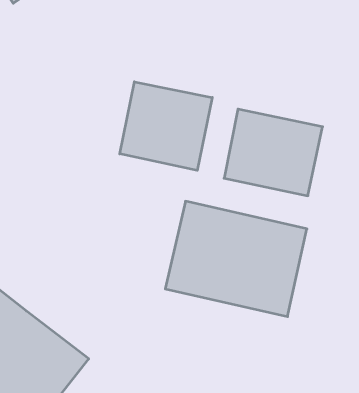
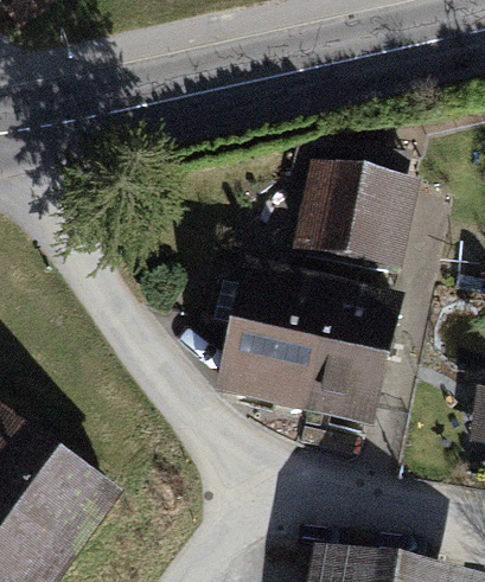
building: [120,82,212,170] -> none

